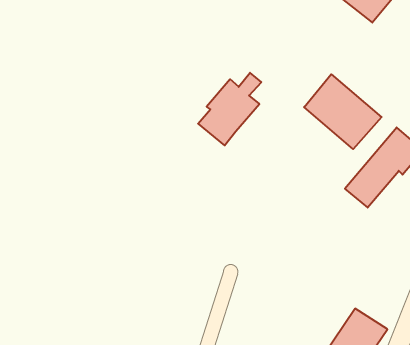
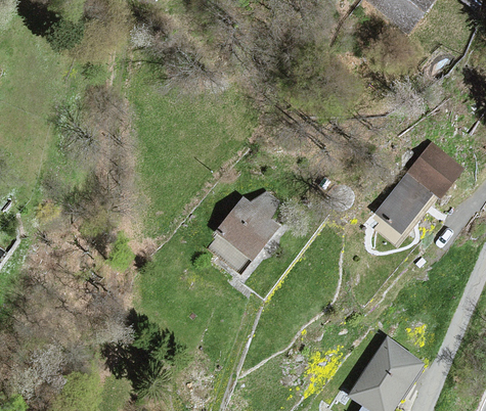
building: [198,73,261,145] -> [210,193,278,272]
building: [304,74,382,149] -> none

